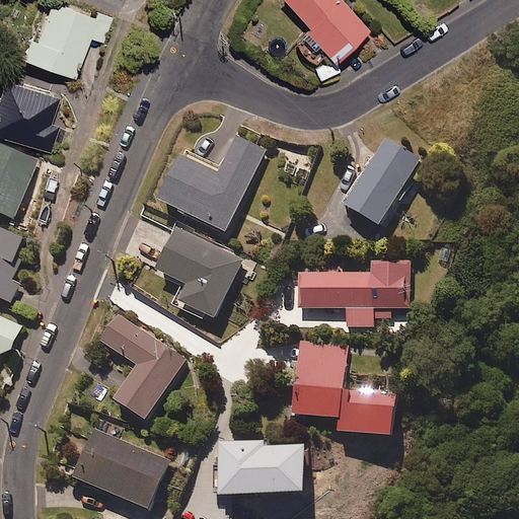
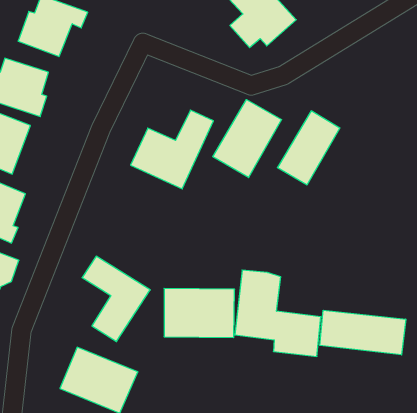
building: none -> [213,100,282,178]
building: [157,228,242,321] -> none
building: [298,257,410,324] -> none
building: none -> [320,310,406,355]
building: [217,440,304,501] -> [164,288,235,338]

